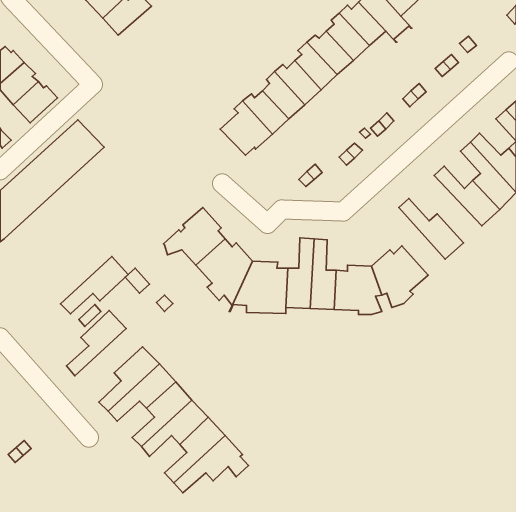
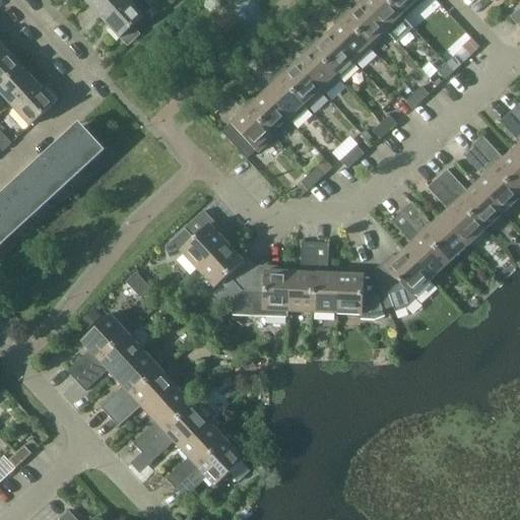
building: none -> [427,177,484,245]
building: none -> [391,209,448,277]
building: [60,256,128,314] -> [75,331,143,389]

